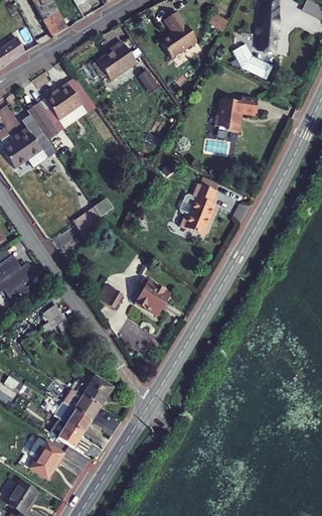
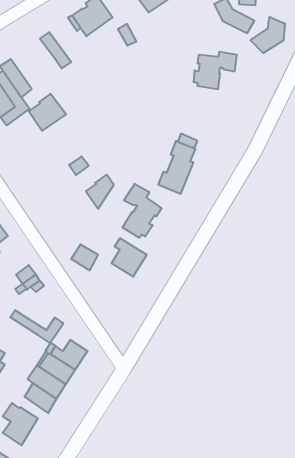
building: none -> [250,17,285,53]
building: [45,83,82,119] -> [29,94,66,131]
building: [74,206,102,239] -> [86,175,114,209]
building: none -> [123,184,162,238]
building: none -> [10,310,63,343]

